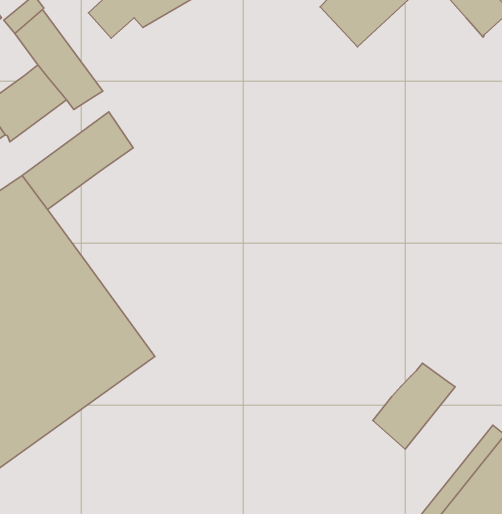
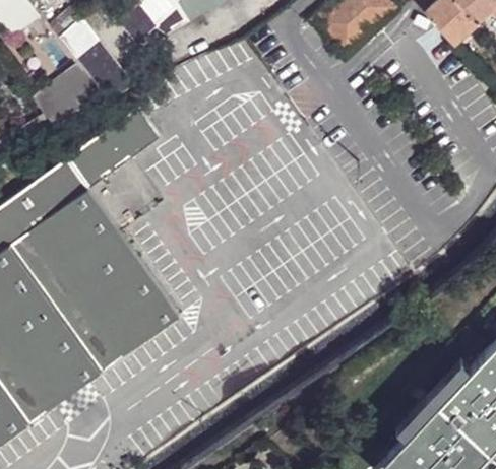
building: [373,363,455,449] -> none

